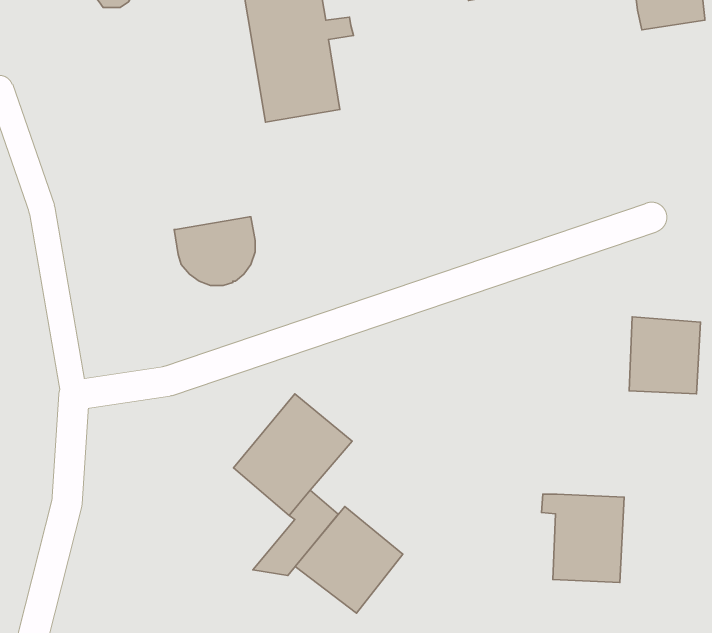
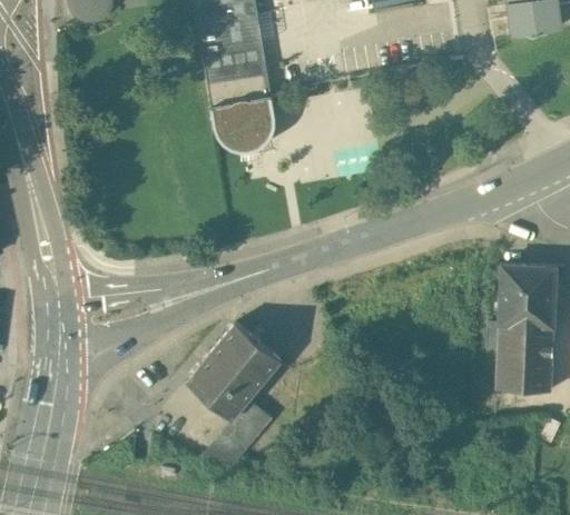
building: [174,217,255,285] -> [210,97,275,151]
building: [542,494,624,582] -> [489,320,554,390]
building: [295,507,403,613] -> none

